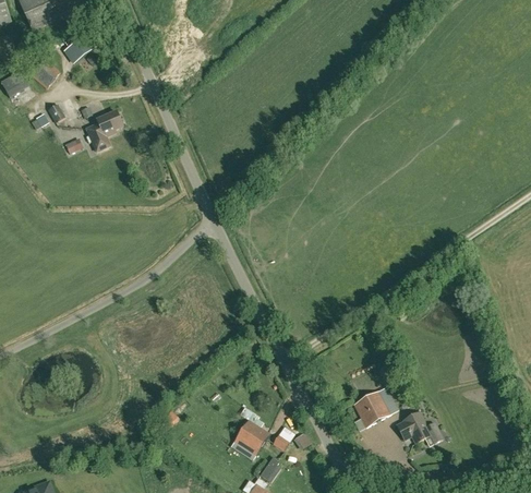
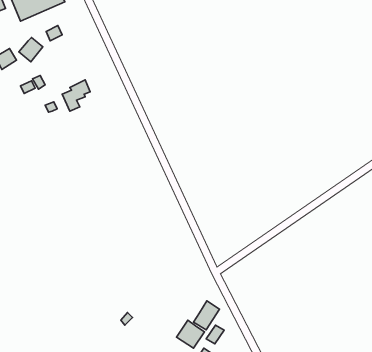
building: [353,390,390,431] -> none
building: none -> [194,301,220,330]
building: [396,410,441,446] -> none

